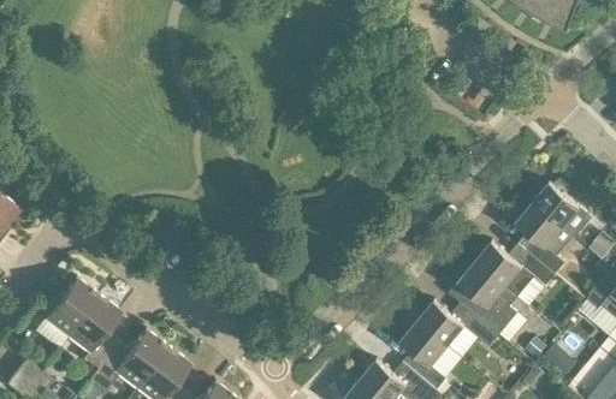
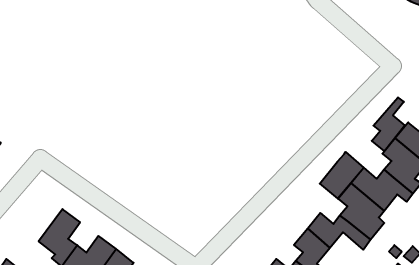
building: none -> [372,97,405,151]
building: none -> [320,152,364,199]
building: [41,278,97,337] -> none

